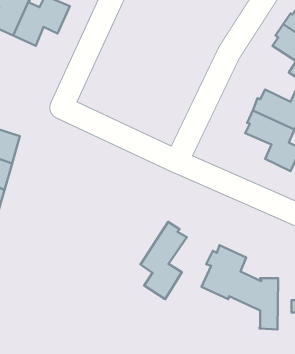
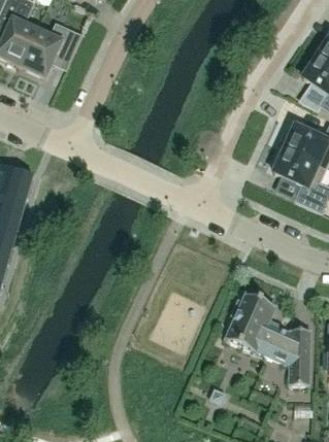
building: [140,222,187,299] -> none

